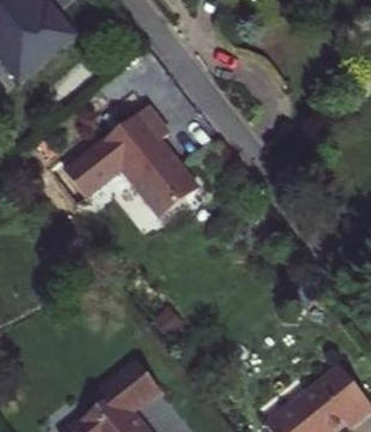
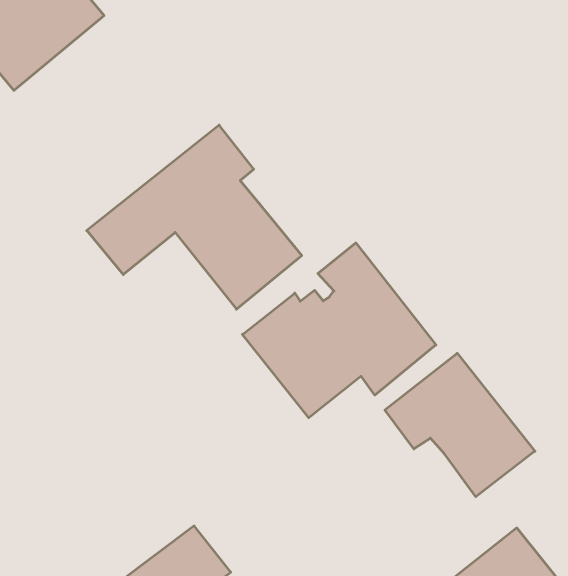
building: none -> [242,243,436,418]
building: none -> [385,353,535,497]

